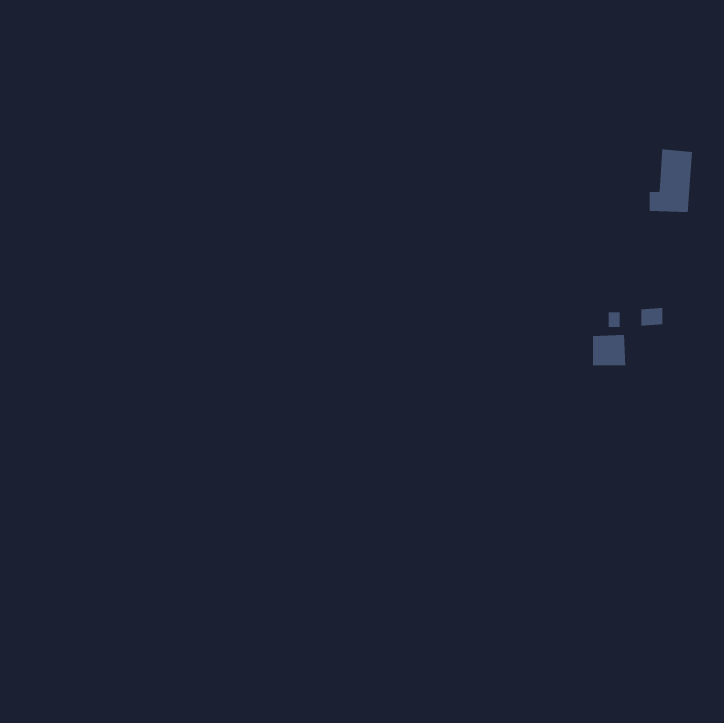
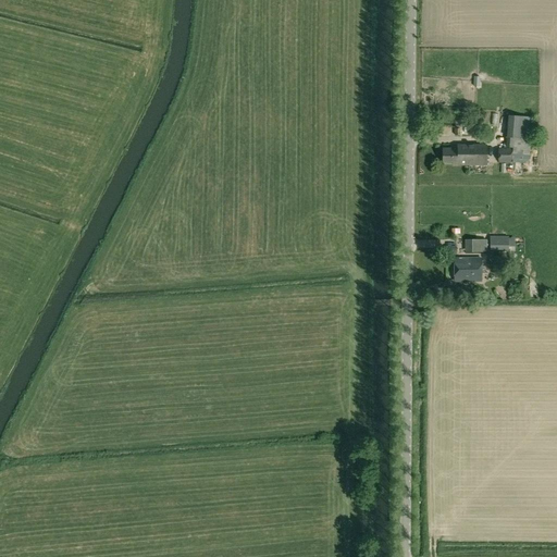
building: none -> [442,144,486,164]

